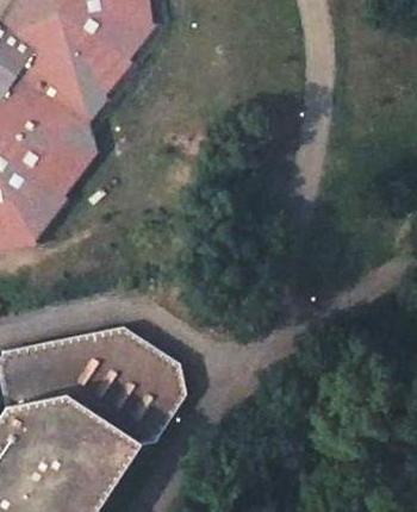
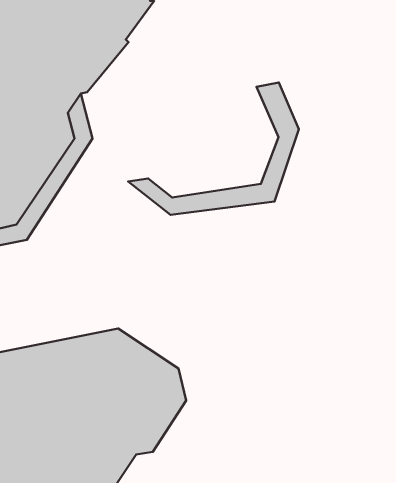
building: none -> [128,83,299,215]

